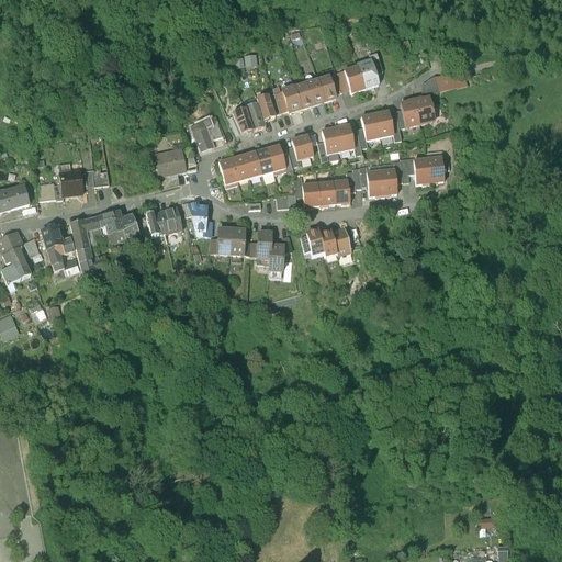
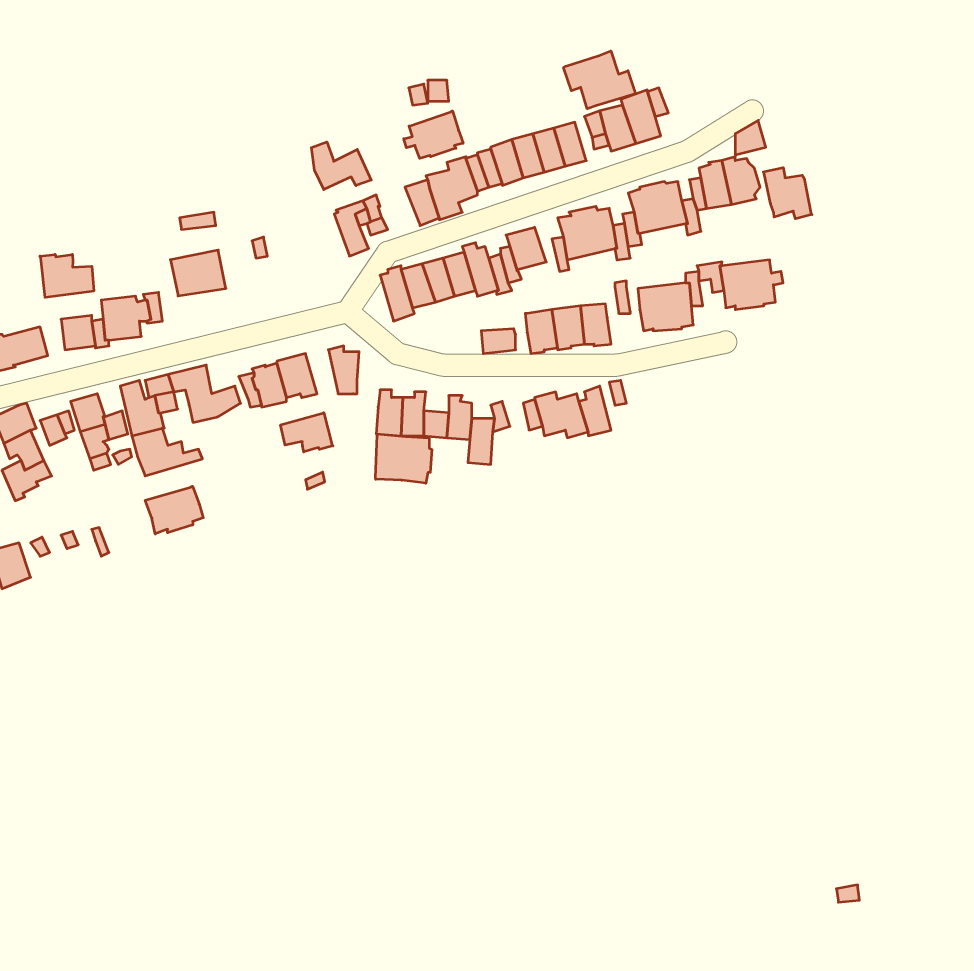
building: none -> [564,51,636,109]
building: none -> [404,111,463,158]
building: none -> [311,142,371,190]
building: none -> [763,168,812,219]
building: [154,149,186,176] -> [170,250,226,296]
building: none -> [40,254,94,297]
building: none -> [281,413,333,452]
building: none -> [375,434,432,483]
building: none -> [145,486,203,534]

